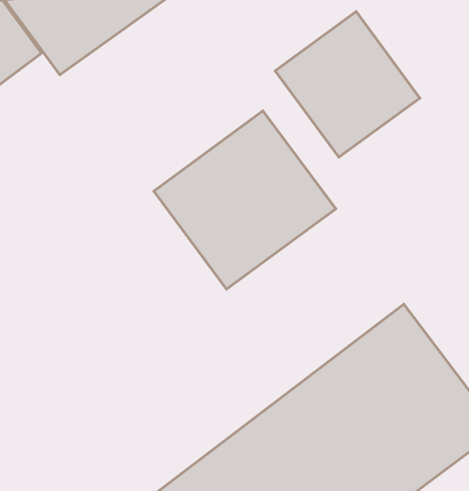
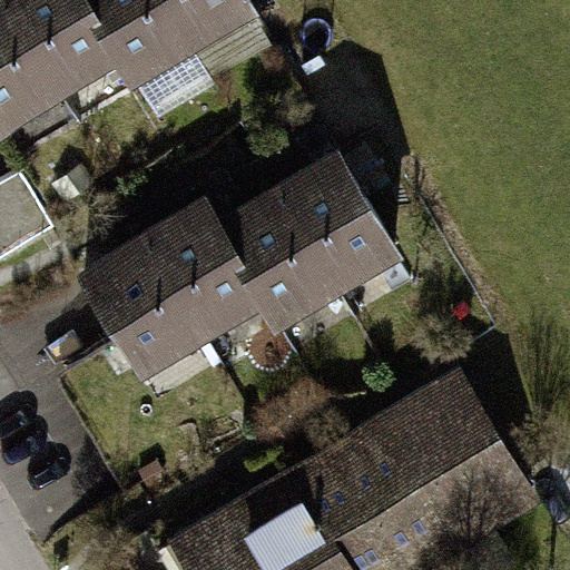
building: [275,12,420,157] -> none
building: none -> [81,204,263,385]

